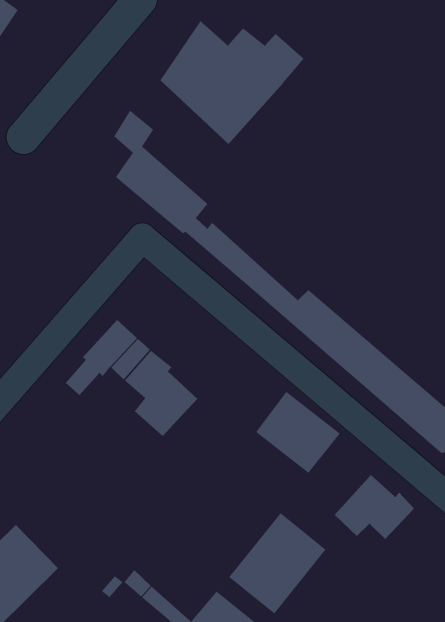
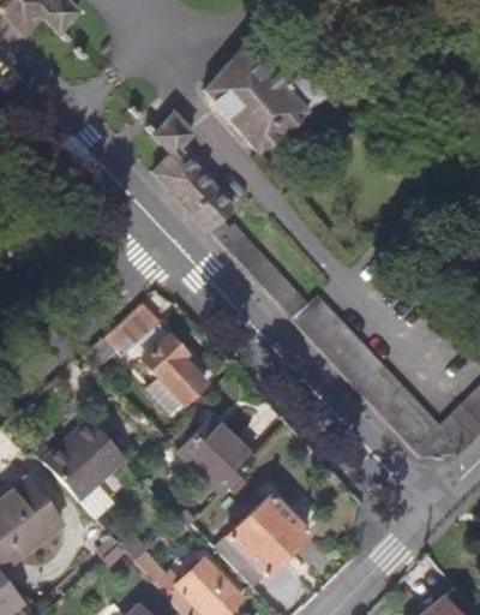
building: [255,391,341,474] -> [178,416,256,494]
building: none -> [44,420,124,498]
building: [334,474,415,540] -> none

